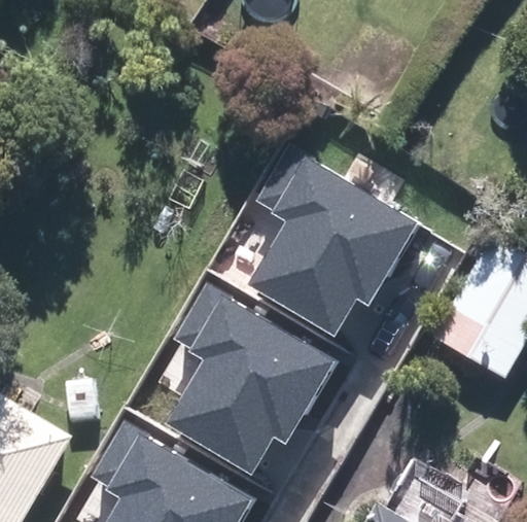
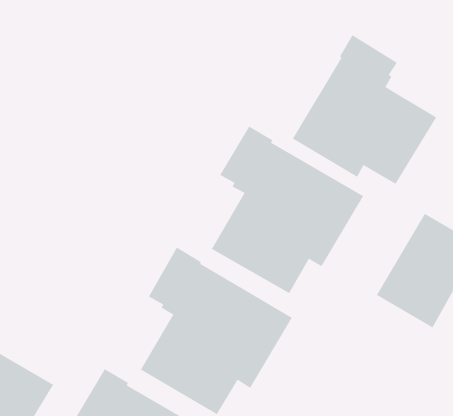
building: none -> [292,34,437,185]

